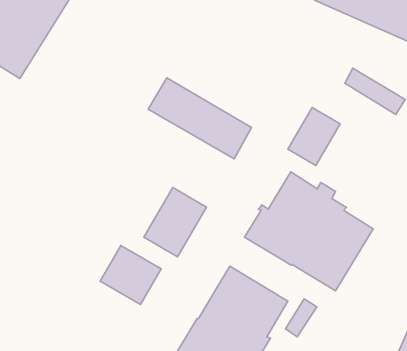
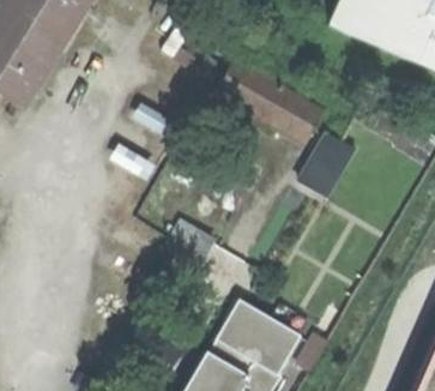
building: [148,78,252,159] -> [217,60,324,144]
building: [245,172,373,291] -> none
building: [100,246,161,305] -> none

